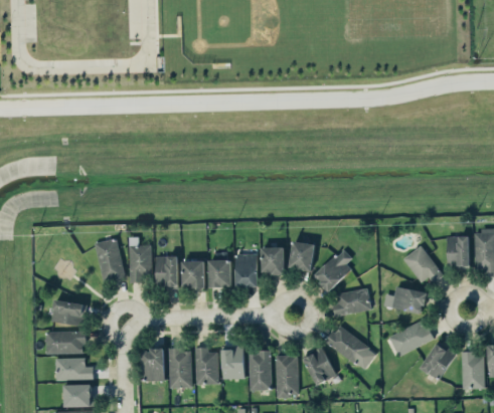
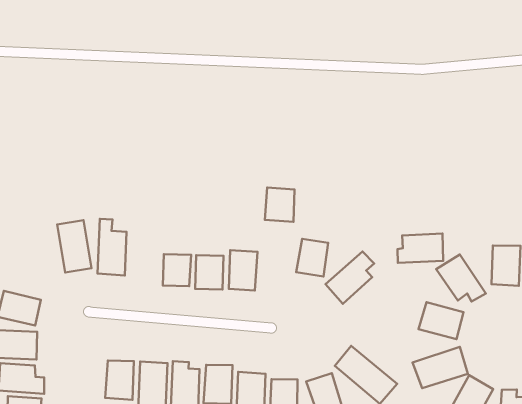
building: [262,247,285,273] -> [265,188,294,222]
building: [156,256,178,287] -> none
building: [333,288,370,315] -> [398,233,443,263]

